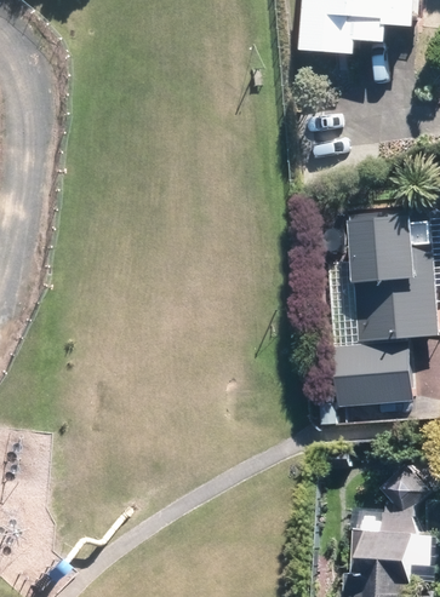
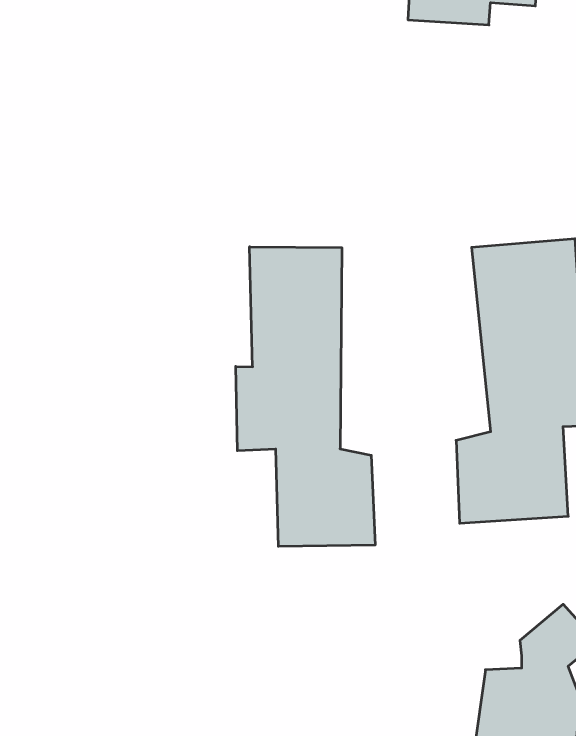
building: none -> [236,247,375,546]

